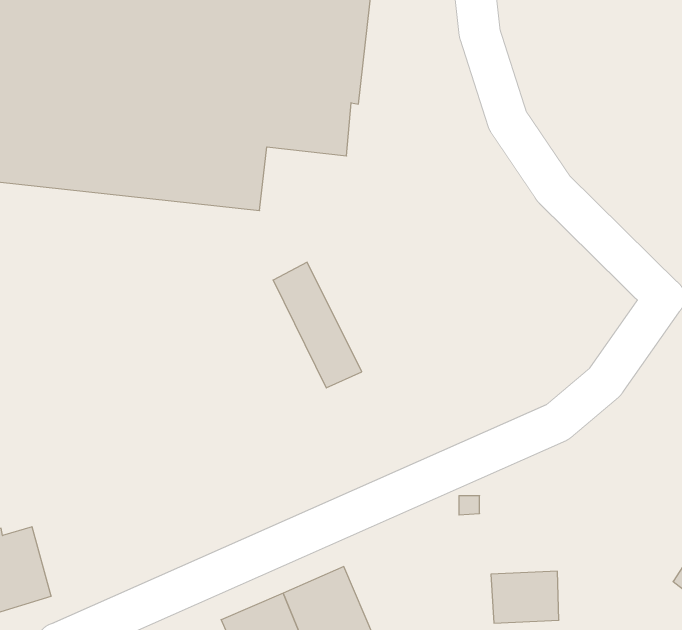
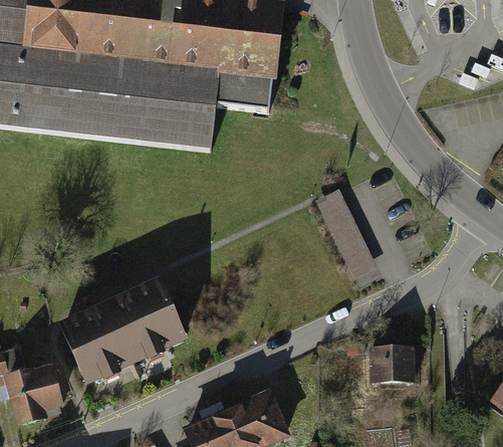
building: [273,262,362,388] -> [315,190,375,275]
building: none -> [57,275,189,381]
building: [491,571,559,623] -> [371,350,418,385]

